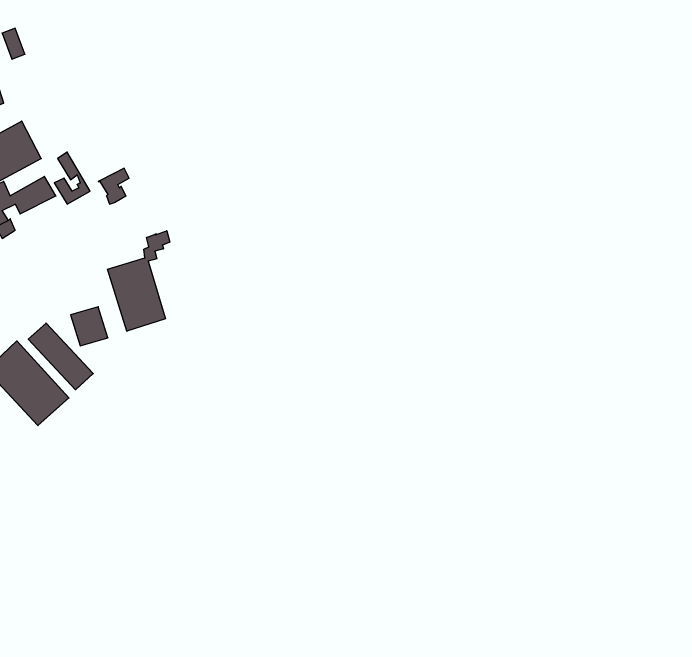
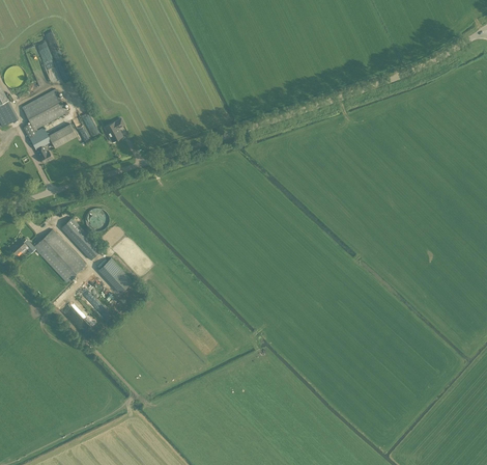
building: [107,231,170,331] -> none
building: none -> [98,258,132,293]

